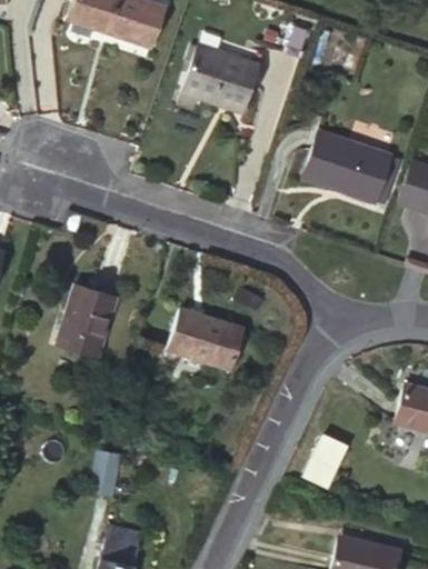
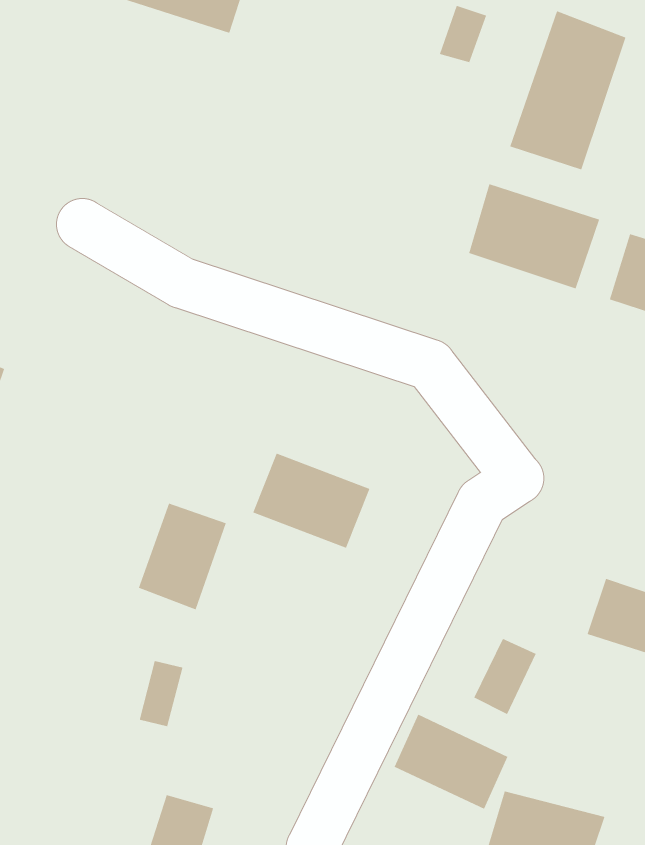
building: none -> [509,10,627,170]
building: [179,40,262,108] -> none
building: [57,296,115,366] -> [138,502,227,610]
building: none -> [394,714,508,810]

